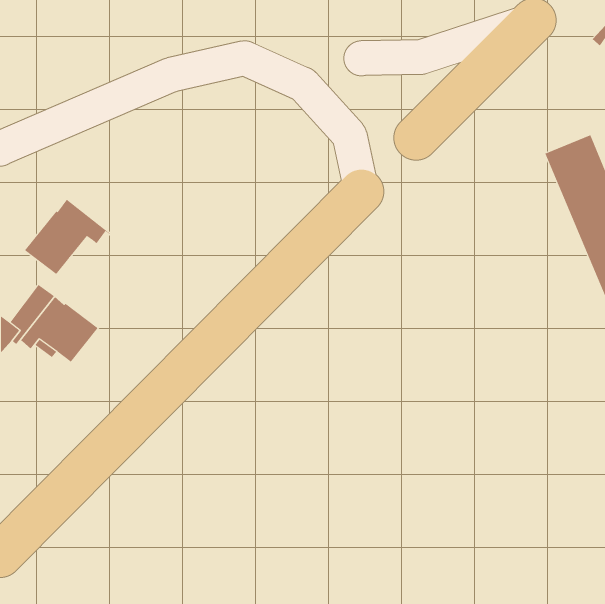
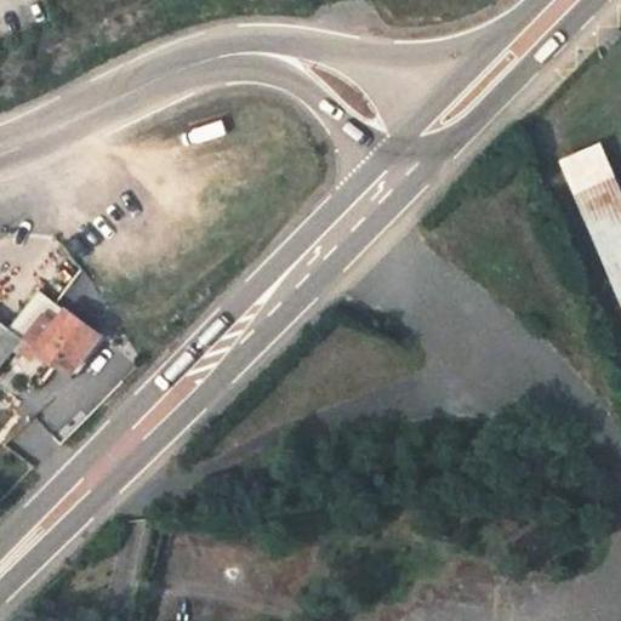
building: [24,199,111,275] -> none

